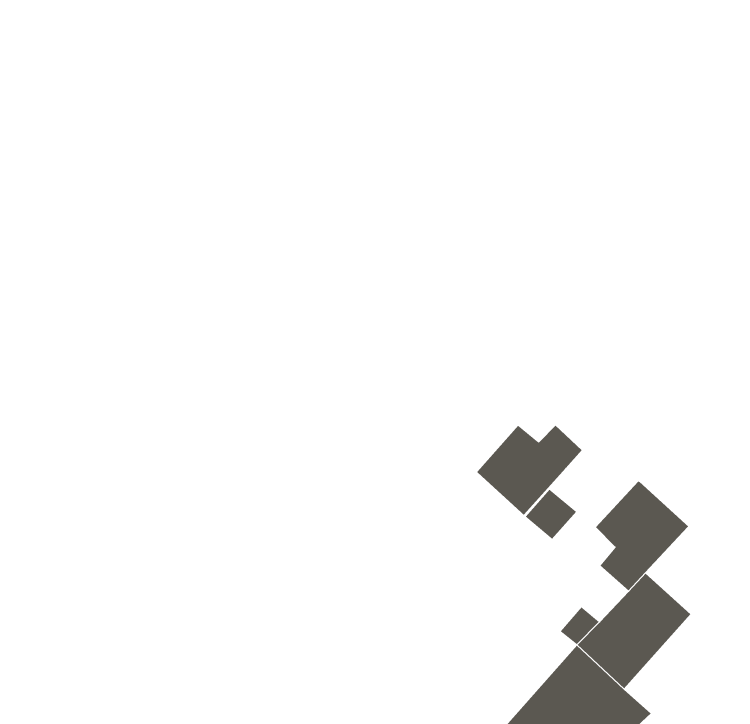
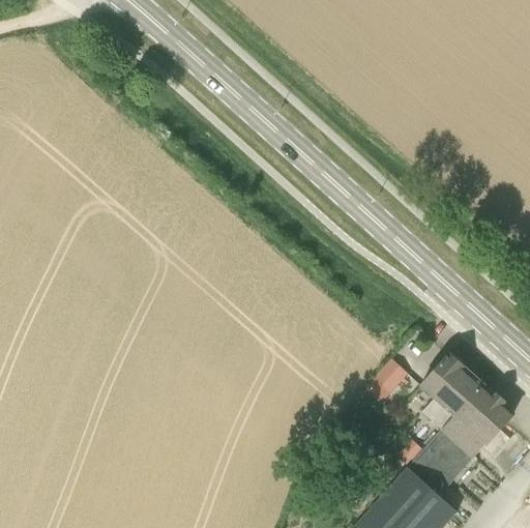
building: [477,425,583,516] -> none
building: none -> [453,386,512,445]

